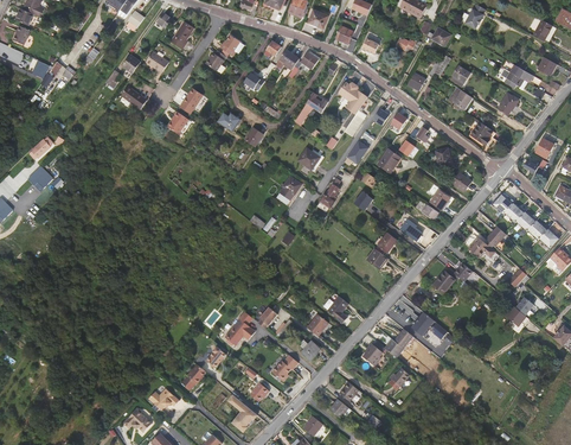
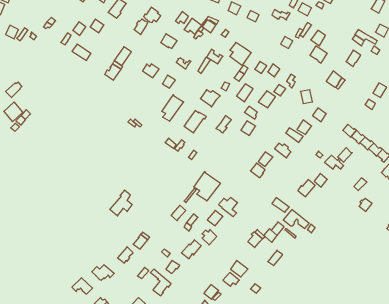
building: none -> [162,95,184,121]
building: none -> [194,171,220,201]
building: [224,310,255,345] -> [110,190,132,216]

